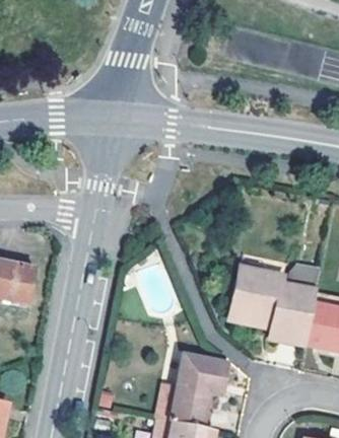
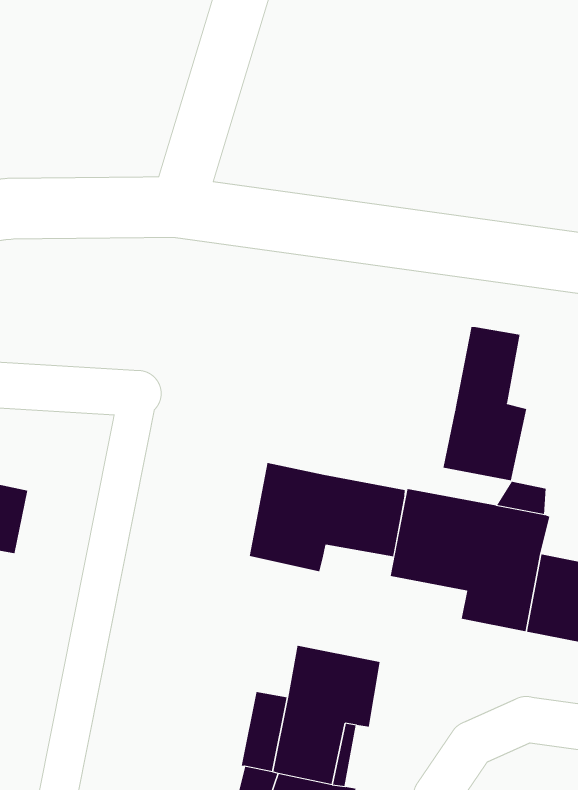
building: none -> [443,326,527,481]
building: none -> [249,462,405,572]

